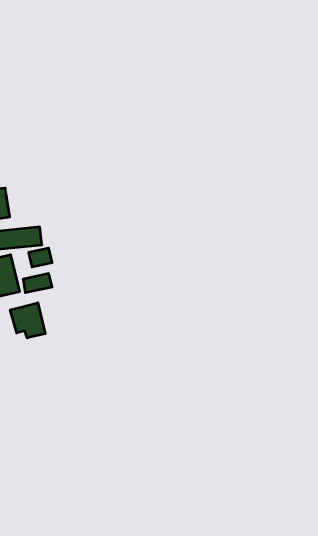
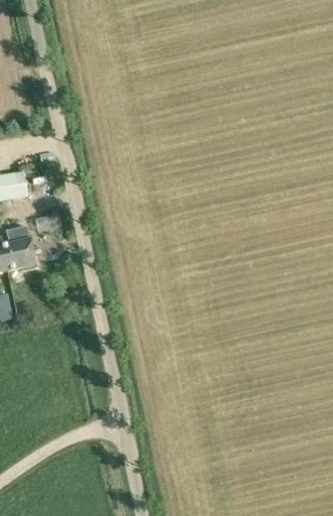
building: [10,303,45,338] -> none

